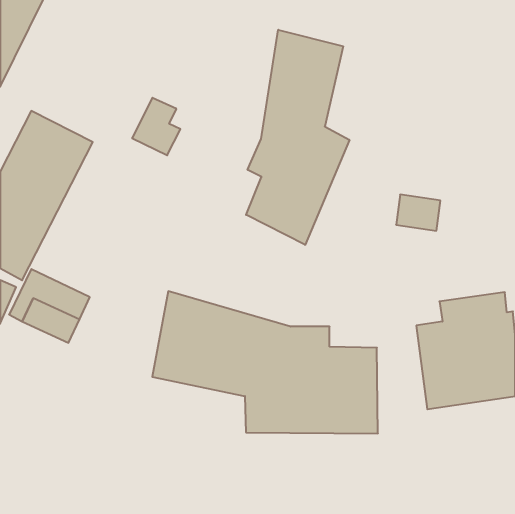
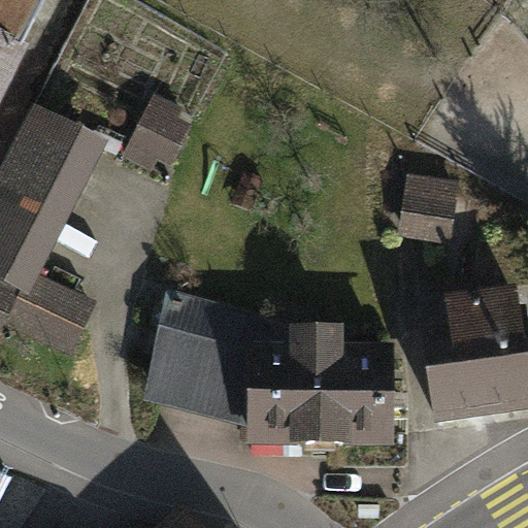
building: [246,30,349,245] -> none

